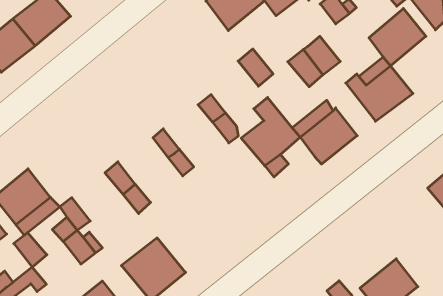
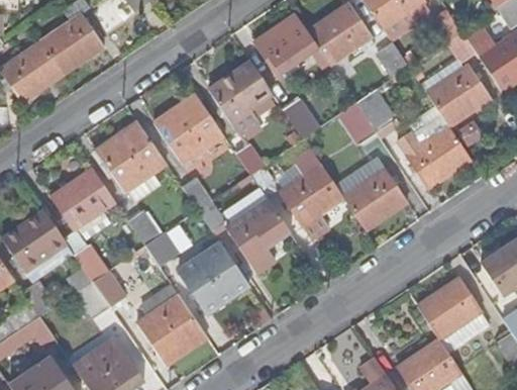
building: none -> [209,62,274,131]
building: none -> [154,94,223,162]
building: none -> [95,119,166,189]
building: none -> [50,168,113,227]
building: none -> [227,202,290,272]
building: none -> [179,243,249,313]
building: none -> [418,279,481,339]

